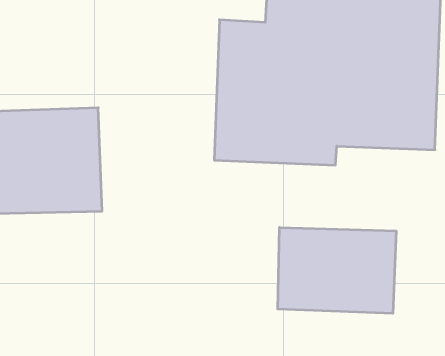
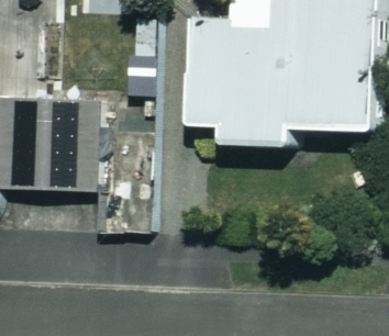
building: [278,227,396,313] -> none

